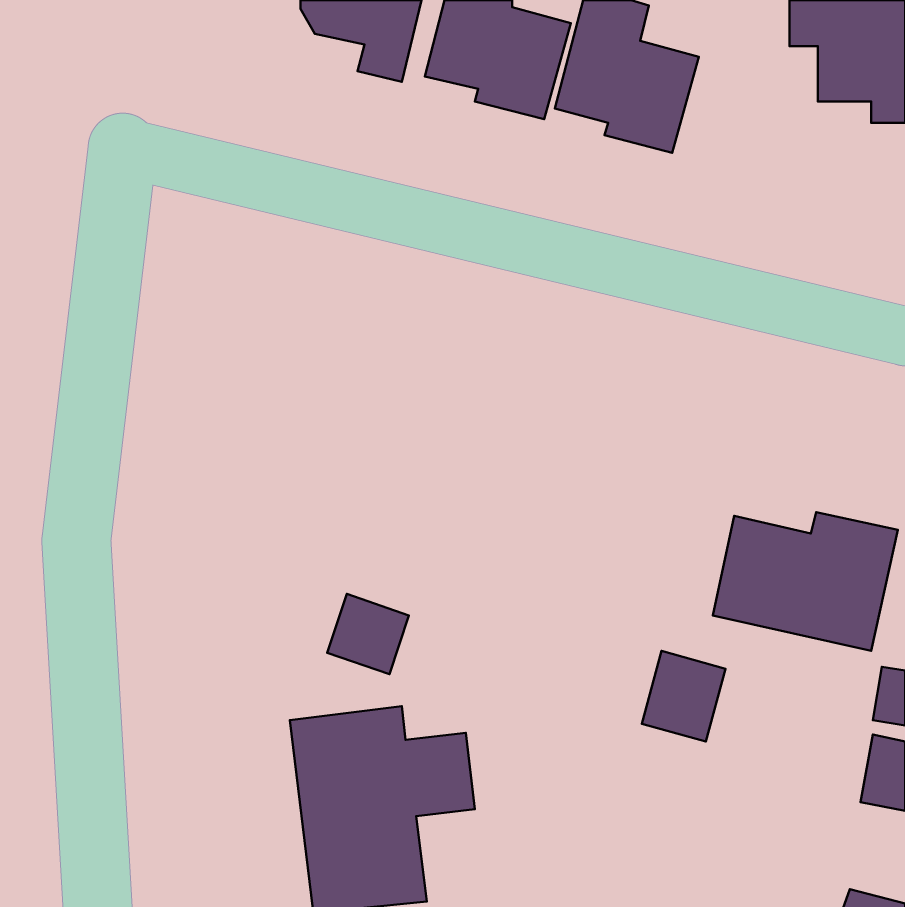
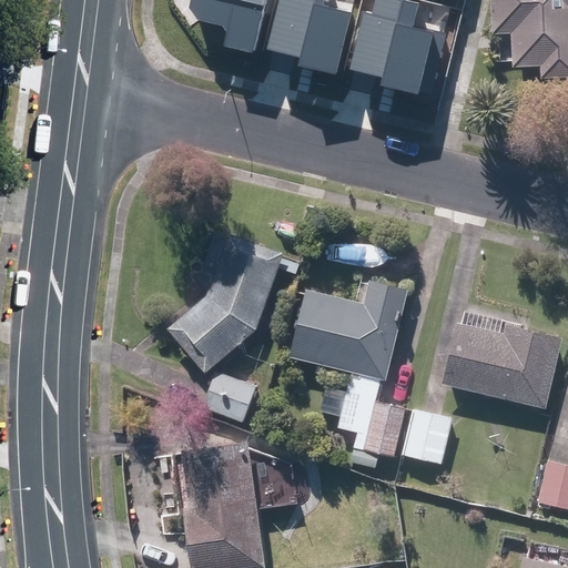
building: none -> [169,232,285,372]
building: none -> [292,275,408,467]

